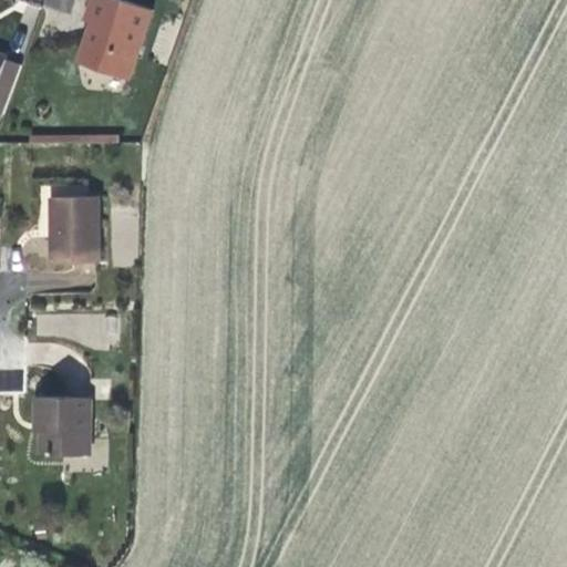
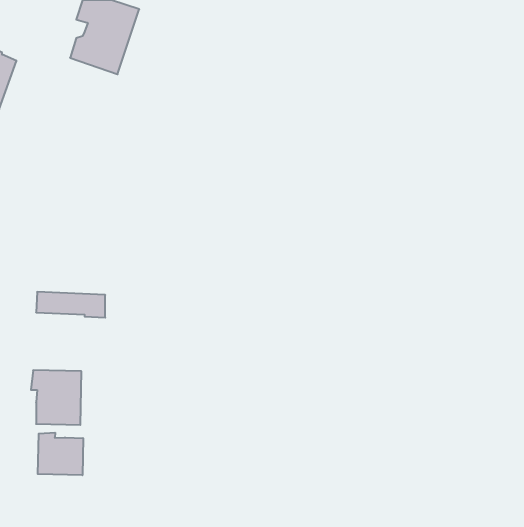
building: [49,196,96,264] -> none
building: none -> [38,433,83,475]

